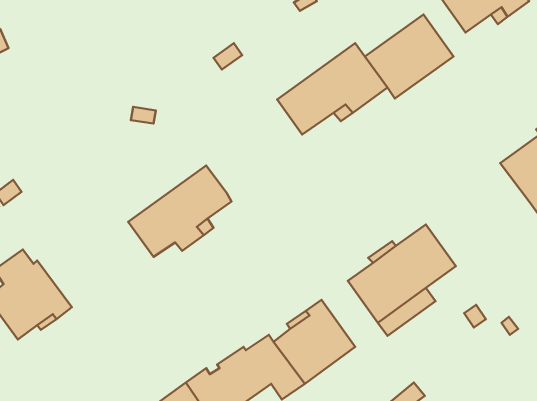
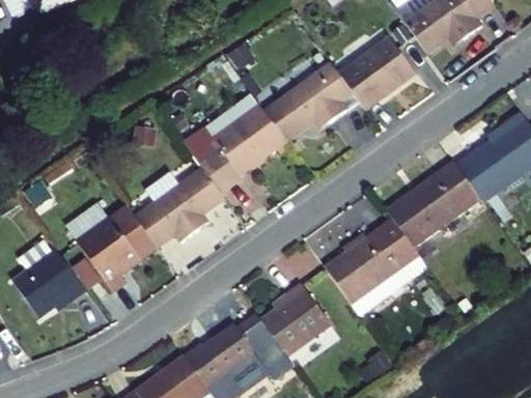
building: none -> [186,106,285,191]
building: none -> [386,161,481,247]
building: none -> [77,205,157,291]

